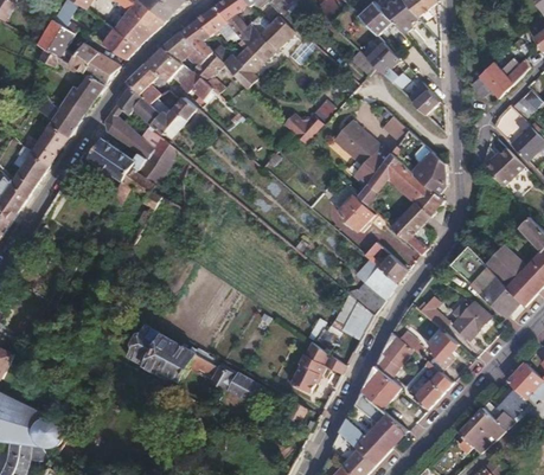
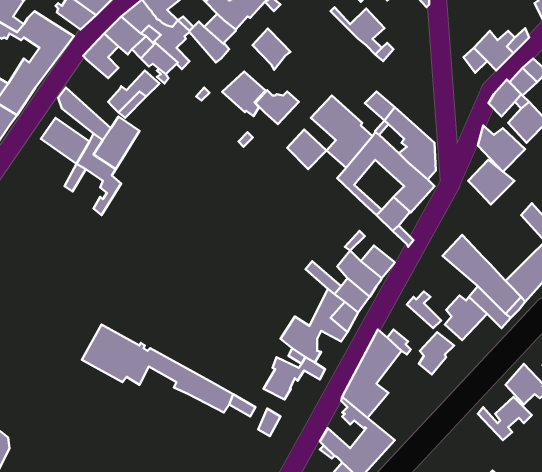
building: none -> [253,29,290,70]
building: [407,83,439,115] -> none
building: [116,86,160,124] -> none
building: none -> [222,72,266,116]
building: [337,194,372,230] -> [287,130,327,169]
building: [487,245,529,285] -> [468,160,514,205]
building: [415,360,454,407] -> none
building: [459,405,505,452] -> none

